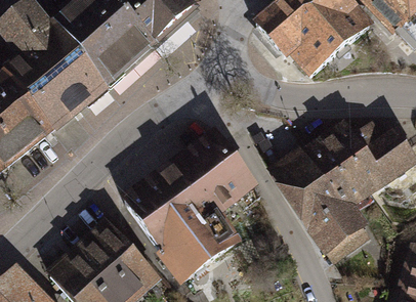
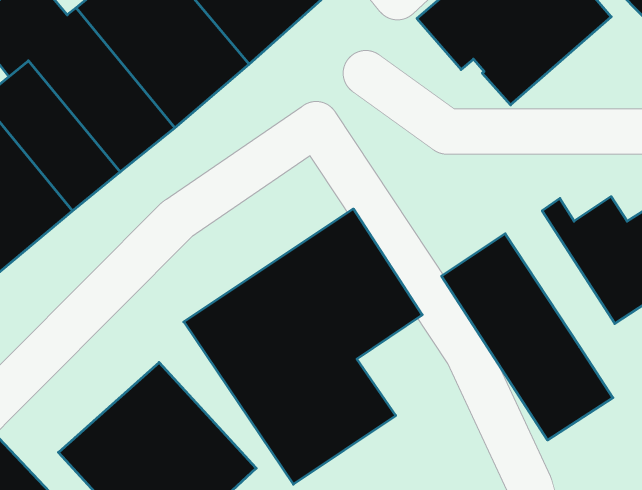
building: [307,131,371,210] -> none

